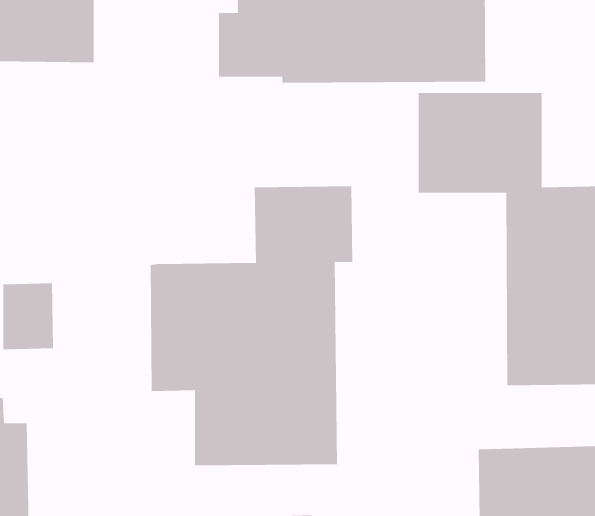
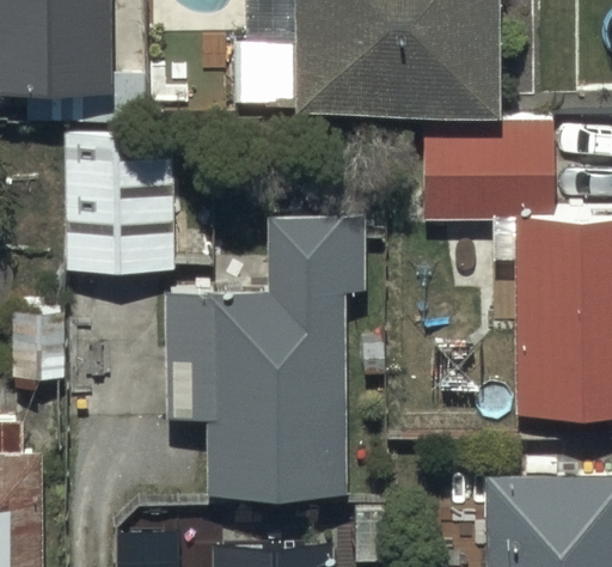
building: none -> [65,134,191,273]

